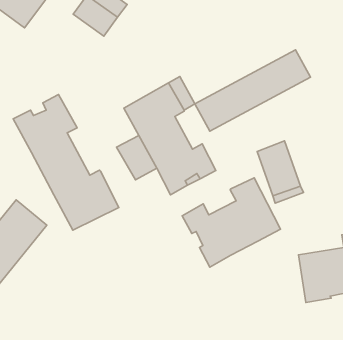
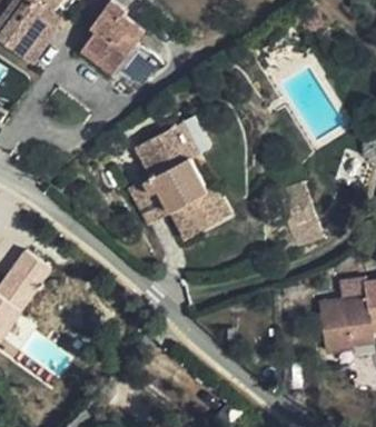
building: [195,50,311,131] -> none
building: [13,94,119,230] -> none
building: [182,178,280,267] -> none

